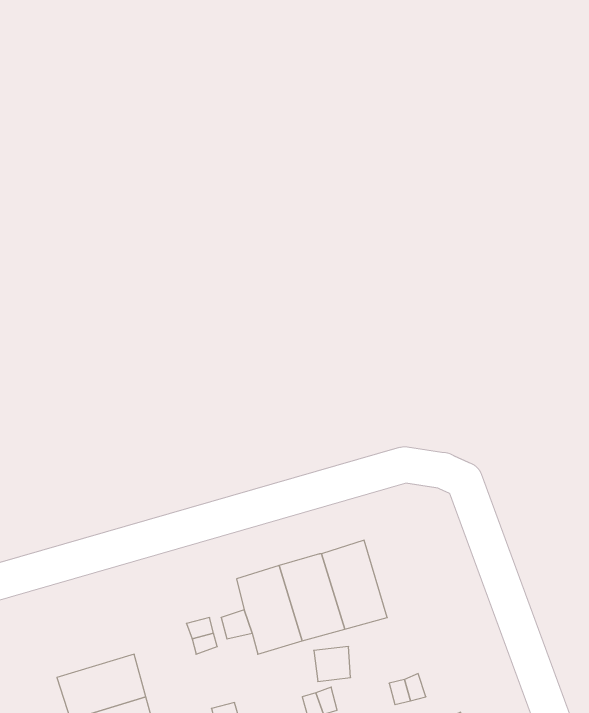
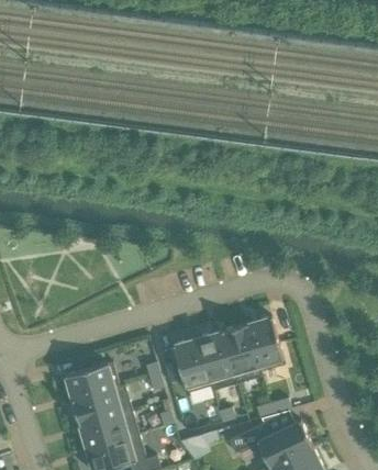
building: none -> [245,318,284,369]
building: none -> [64,365,114,403]

